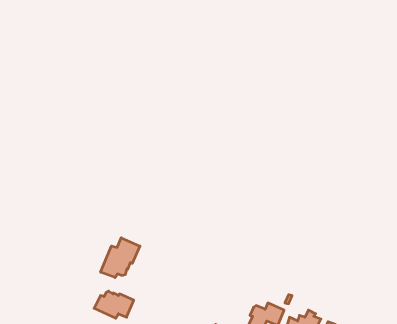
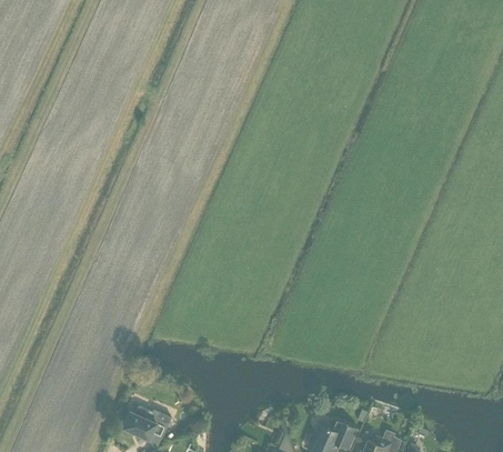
building: [101,238,140,278] -> none

